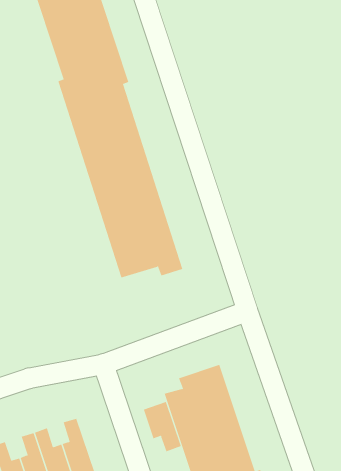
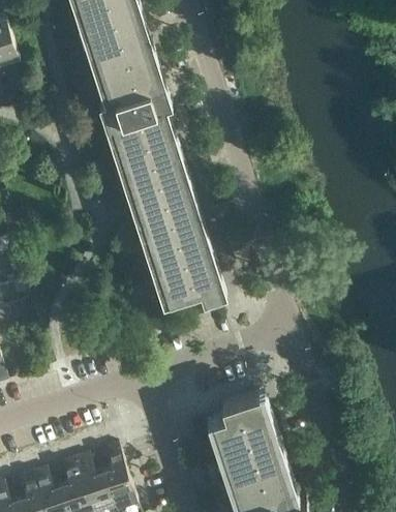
building: [143,401,181,452] -> none

